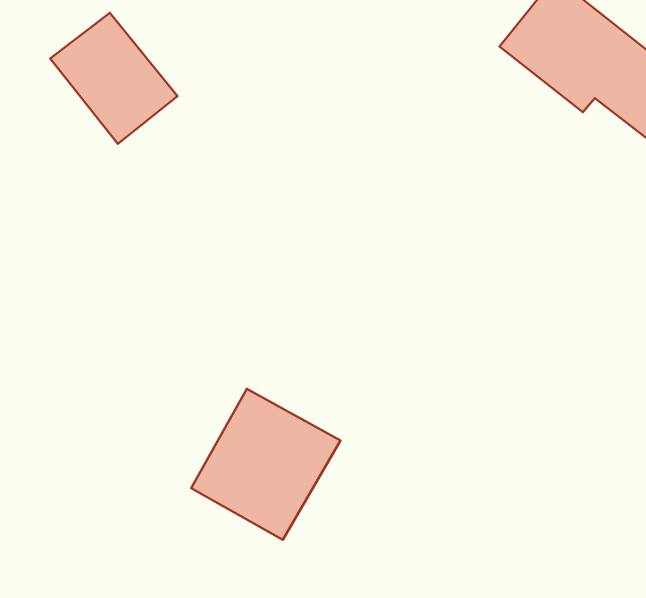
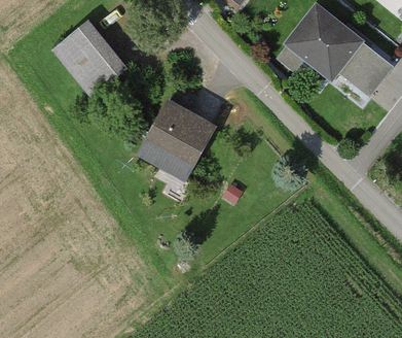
building: [191,389,340,540] -> [138,101,215,179]

